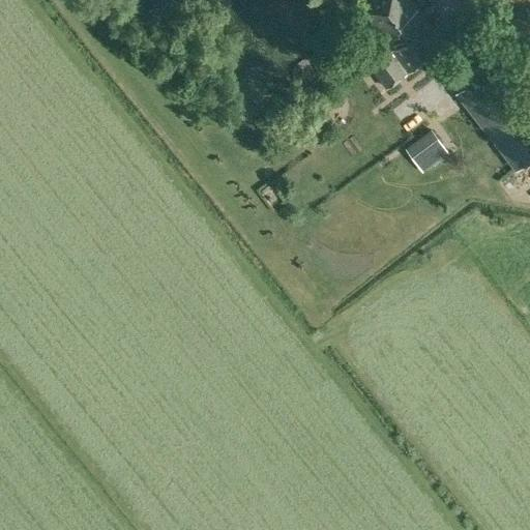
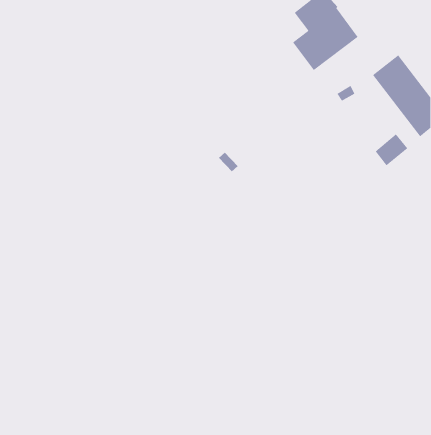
building: [413,132,453,172] -> [375,134,408,166]

